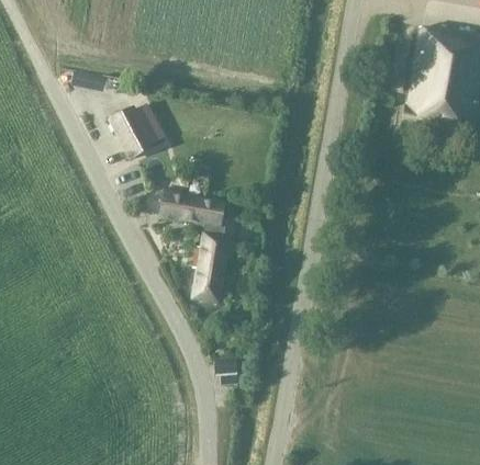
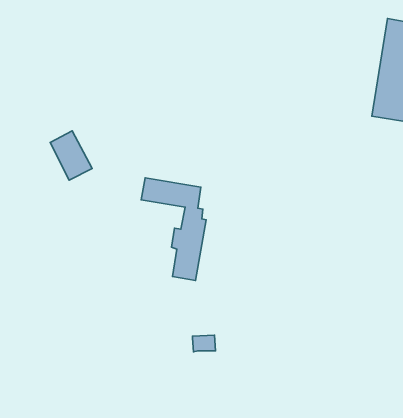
building: [112,105,156,157] -> [50,131,92,180]

